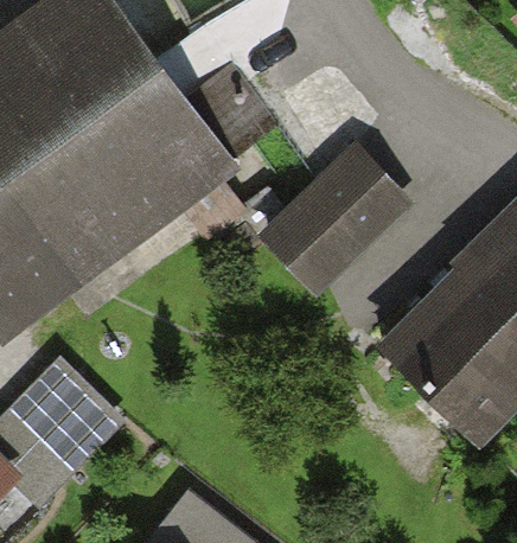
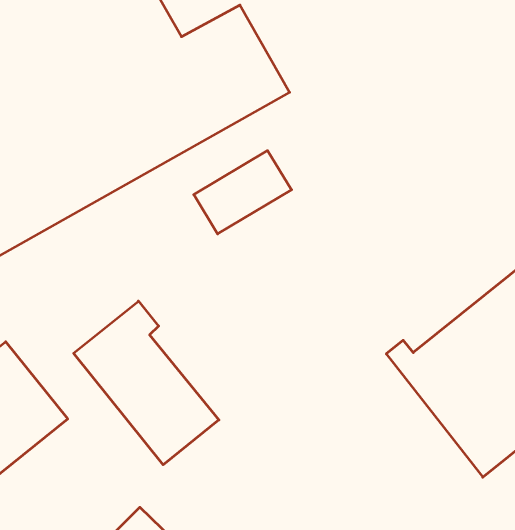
building: [272,152,404,283] -> none
building: none -> [74,301,219,465]

